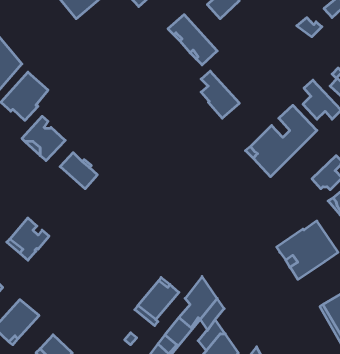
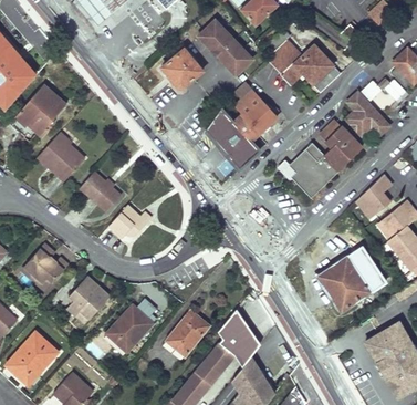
building: none -> [265,29,341,92]
building: none -> [160,48,202,87]
building: none -> [205,108,259,168]
building: none -> [108,205,150,237]
building: none -> [67,276,110,323]
building: none -> [106,307,153,351]

